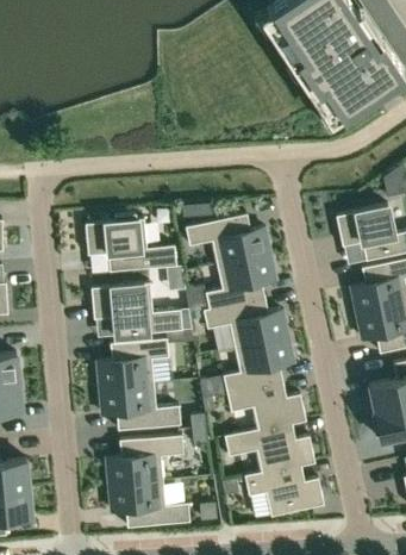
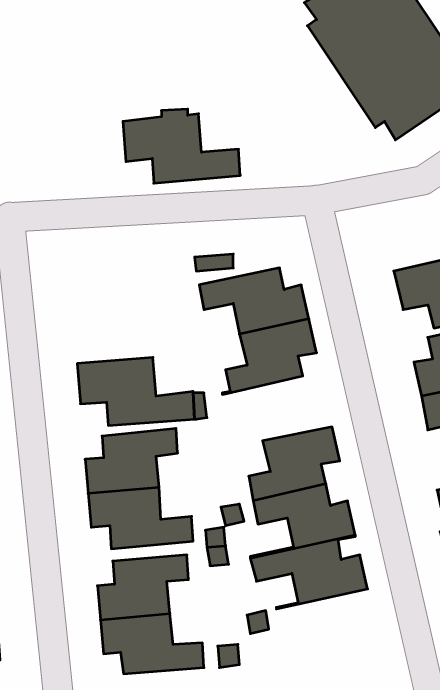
building: [86,216,176,273] -> [123,109,240,183]
building: [204,298,288,348] -> none
building: [245,462,324,517] -> none

